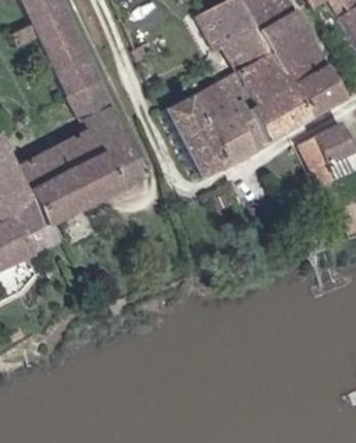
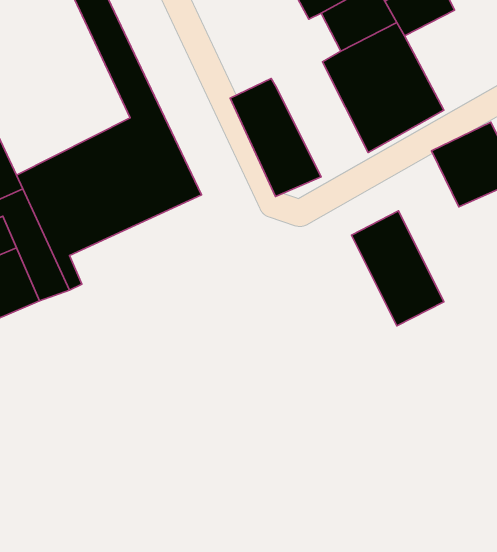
building: [282,52,341,120] -> none
building: [194,87,257,165] -> [351,211,444,326]

